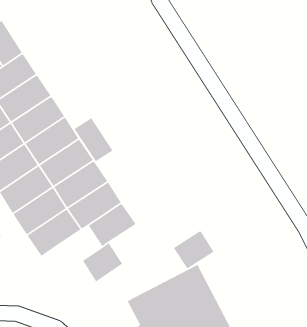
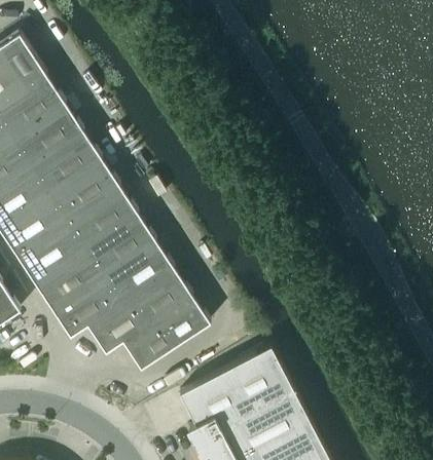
building: [74,117,114,162] -> none
building: none -> [86,298,148,354]
building: [173,230,214,269] -> [156,297,210,347]

